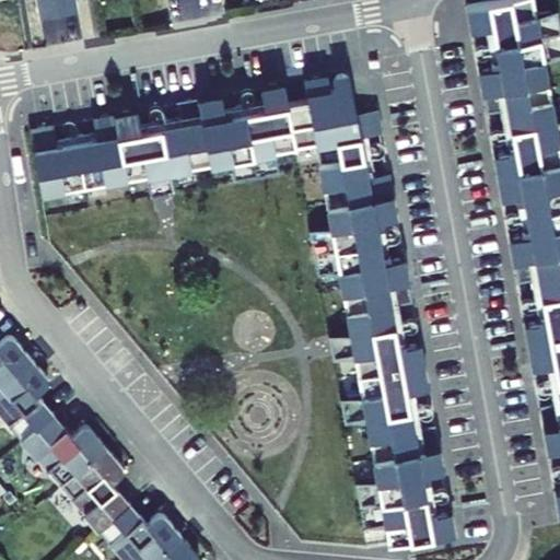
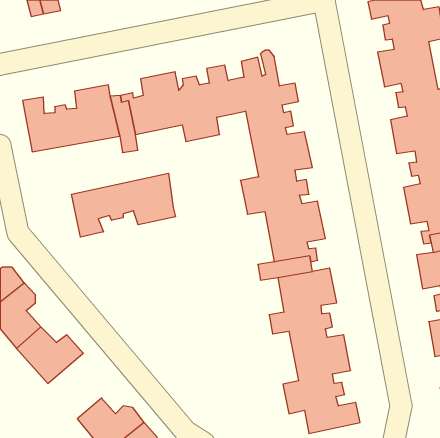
building: none -> [72,173,176,237]
building: [65,452,132,535] -> none

